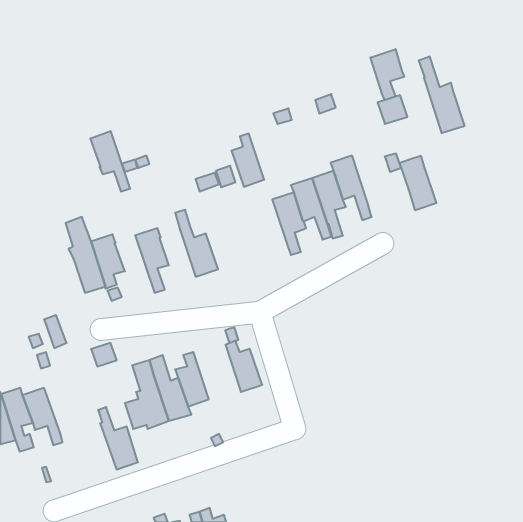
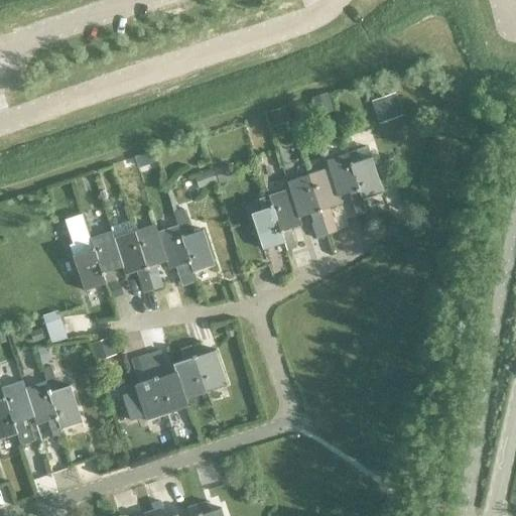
building: [370,49,404,100] -> none
building: [419,56,464,133] -> none
building: [90,131,130,192] -> [113,232,152,291]
building: [231,134,264,187] -> [251,197,283,249]
building: [400,156,436,210] -> [347,146,383,200]
building: none -> [157,227,197,286]
building: [225,341,262,392] -> [190,343,227,393]
building: [98,407,138,469] -> [41,366,81,427]

